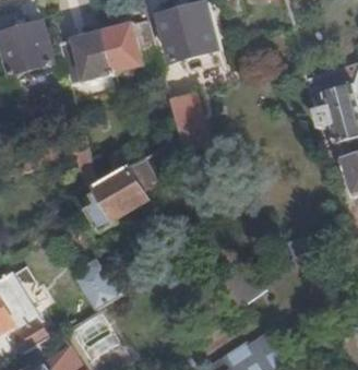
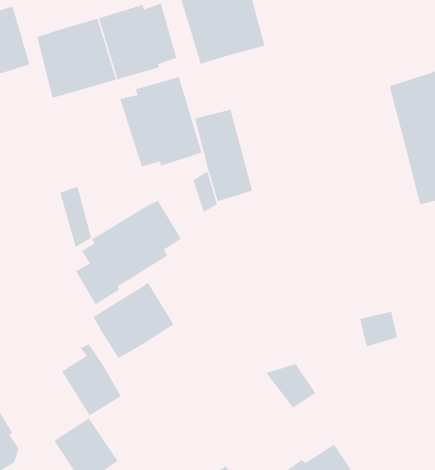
building: none -> [120,76,202,167]
building: none -> [93,282,174,359]

